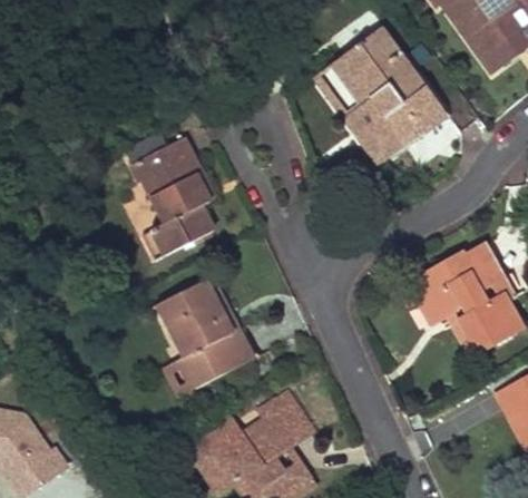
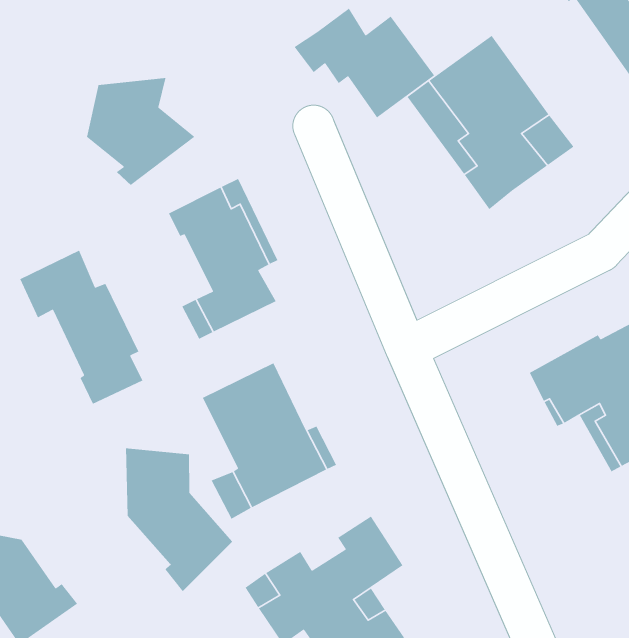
building: none -> [294,7,435,118]
building: none -> [86,77,196,186]
building: none -> [19,249,144,405]
building: none -> [125,448,233,592]

